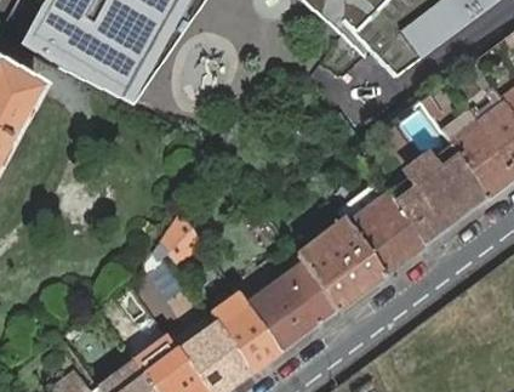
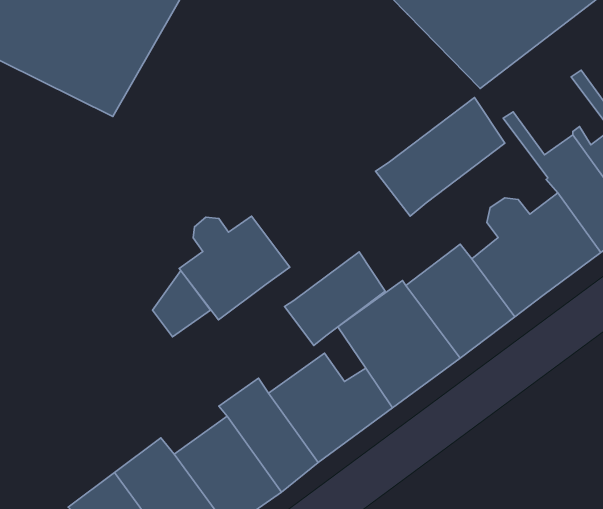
building: none -> [376,97,505,216]
building: none -> [179,216,290,320]
building: none -> [284,252,385,346]

